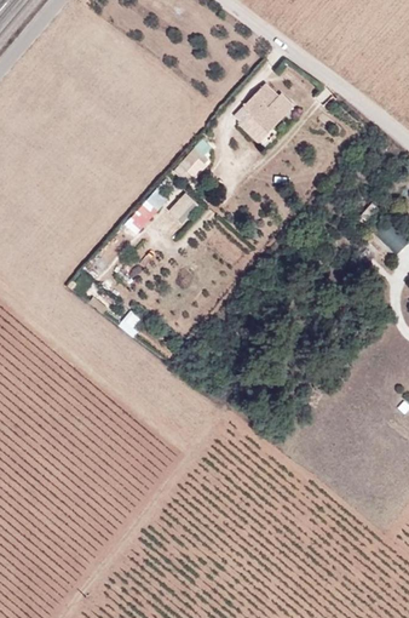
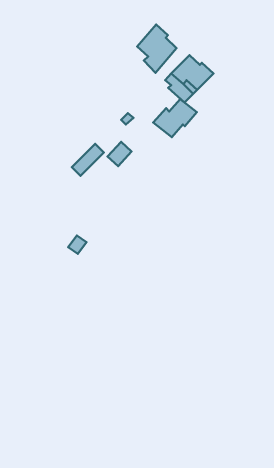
building: none -> [137,24,177,73]
building: none -> [153,99,197,137]

